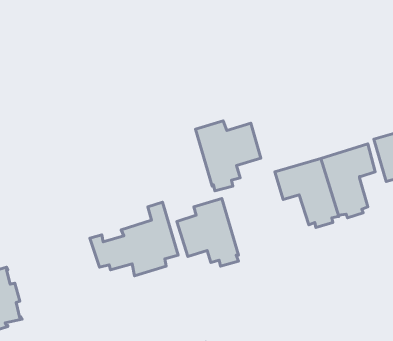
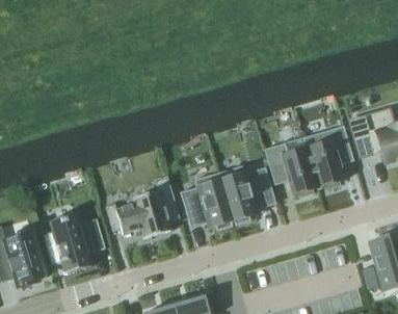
building: [195,121,261,191] -> [218,164,274,225]
building: none -> [43,217,106,273]

